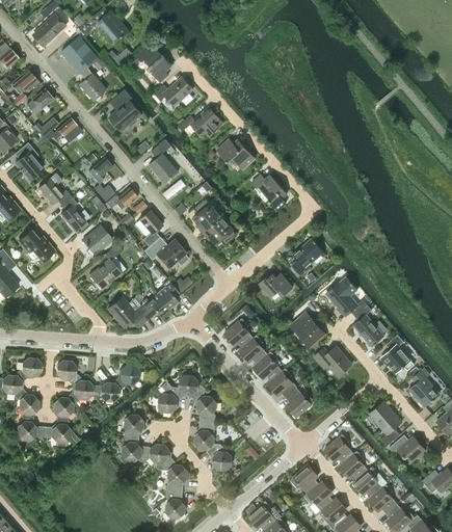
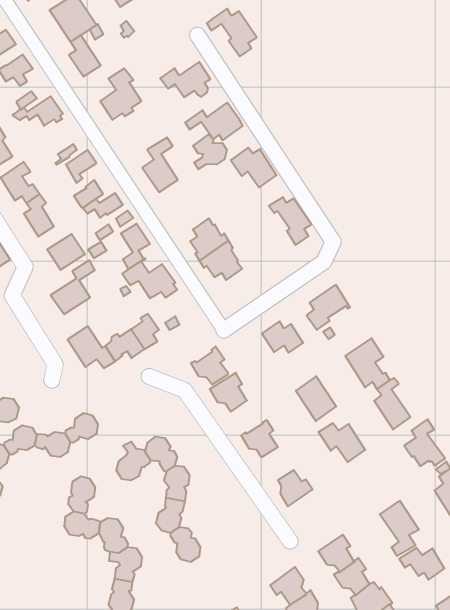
building: [132,46,172,82] -> [207,9,257,56]
building: none -> [193,134,227,169]
building: [238,334,268,364] -> [191,346,228,384]
building: [267,368,297,397] -> none

